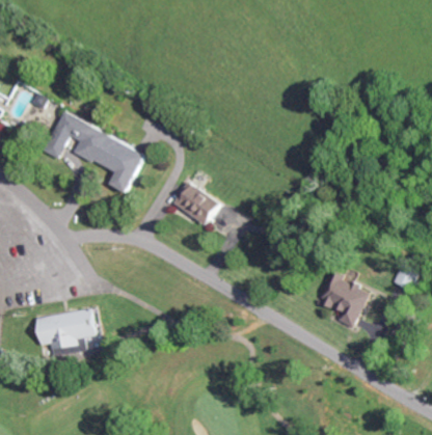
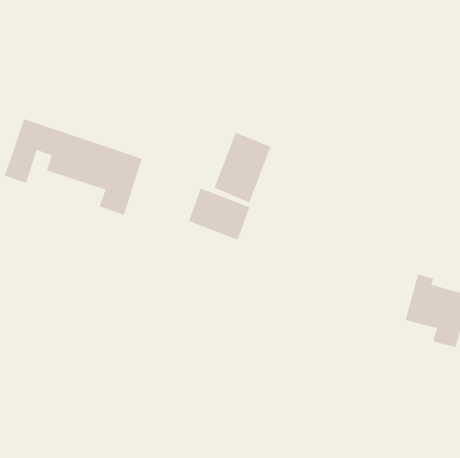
building: none -> [214,132,271,203]
building: [36,310,96,351] -> none

